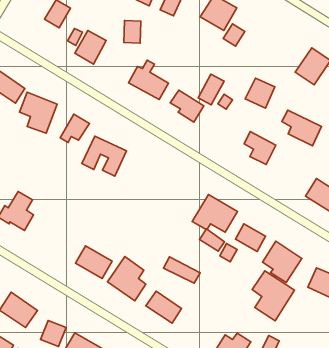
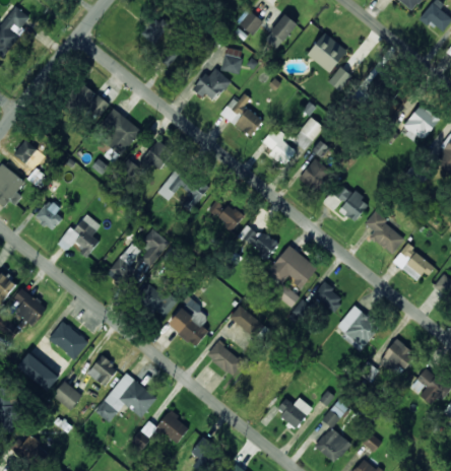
building: [75,31,106,64] -> [195,67,231,104]
building: [245,78,275,108] -> [300,158,333,192]
building: [282,110,321,146] -> [365,213,406,255]
building: none -> [208,199,243,229]
building: none -> [238,223,277,259]
building: none -> [108,229,170,286]
building: [252,271,295,321] -> none

